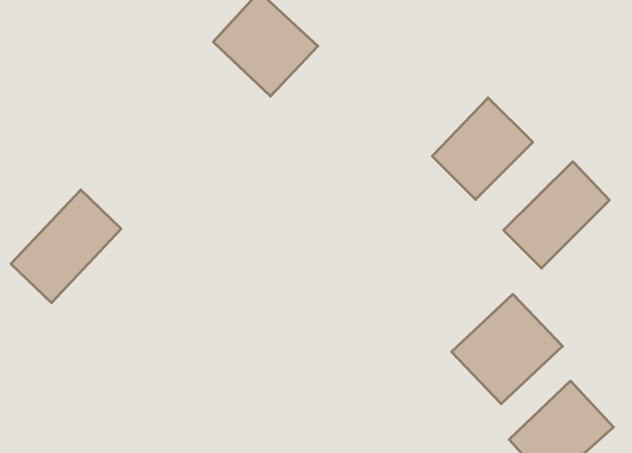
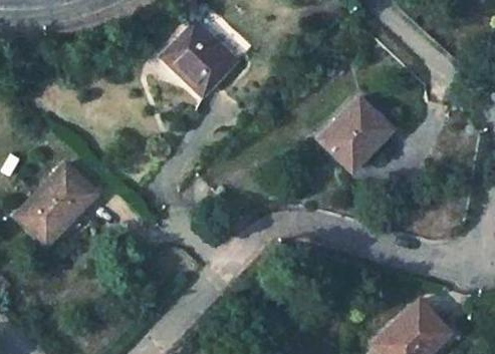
building: [504,162,609,268] -> none
building: [452,294,563,404] -> none

